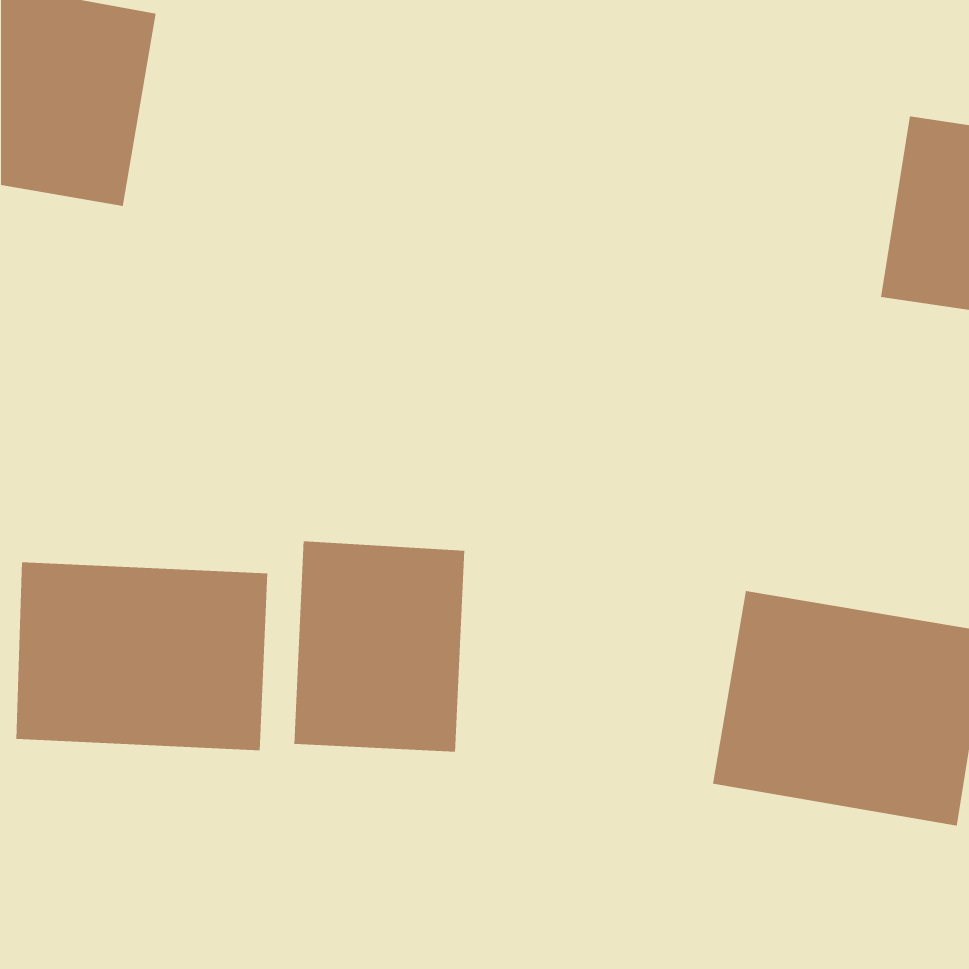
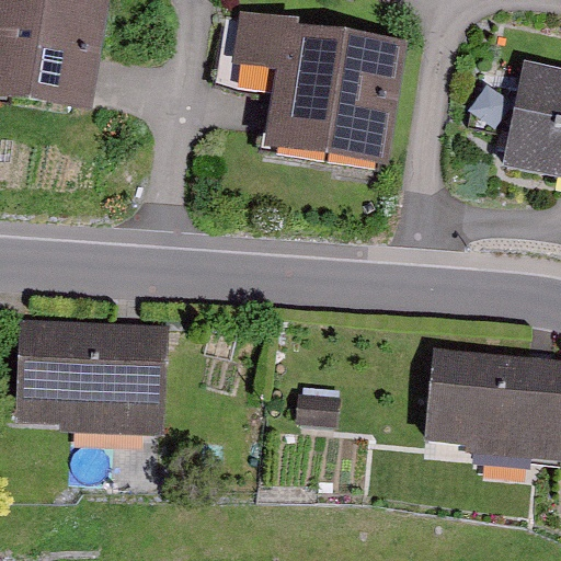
building: none -> [234,16,399,165]
building: [294,540,465,752] -> none

